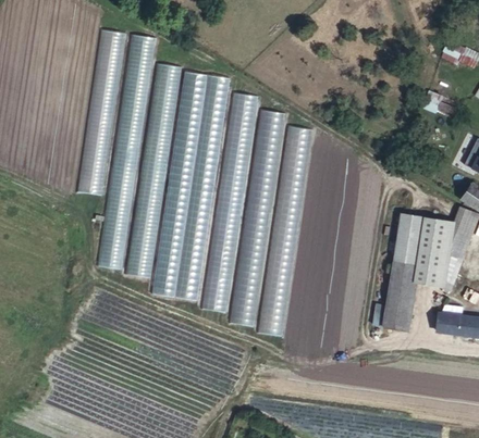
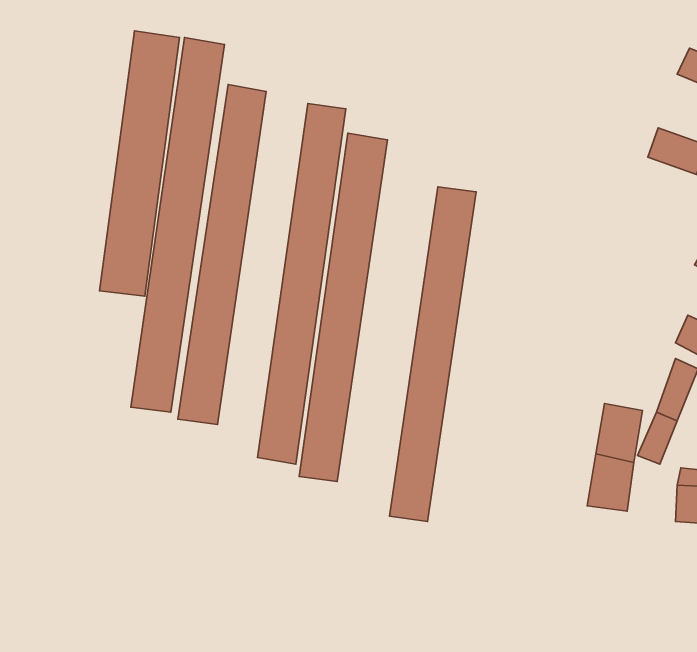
building: [151,71,208,296] -> none
building: [231,109,286,326] -> none
building: [394,216,425,266] -> none

